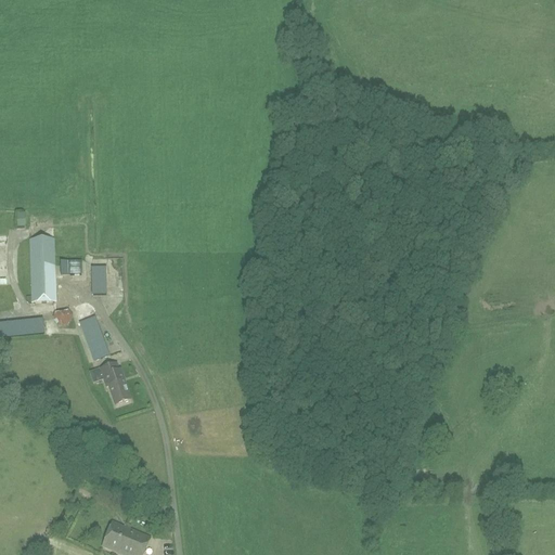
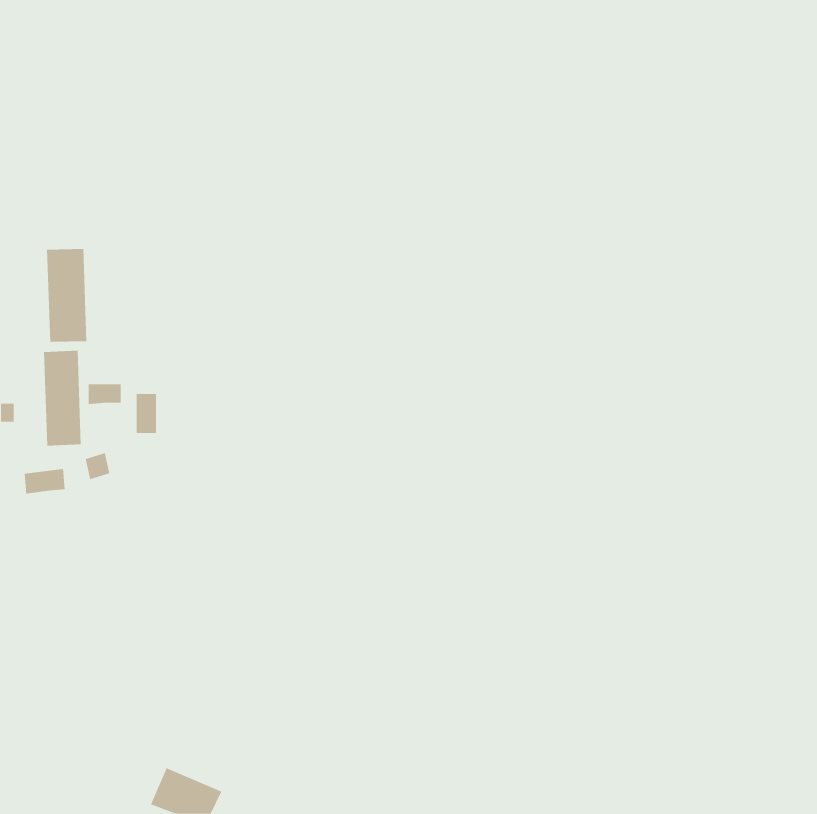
building: none -> [47,248,87,343]
building: [75,304,108,360] -> none
building: [100,362,131,404] -> none

